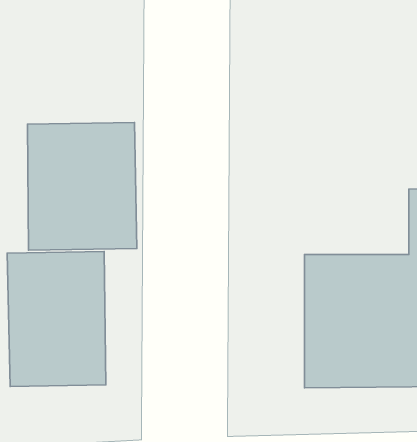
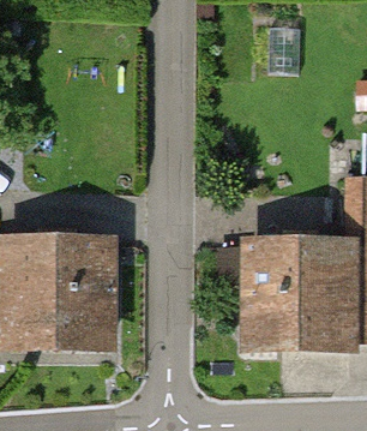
building: [28,123,137,250] -> none

